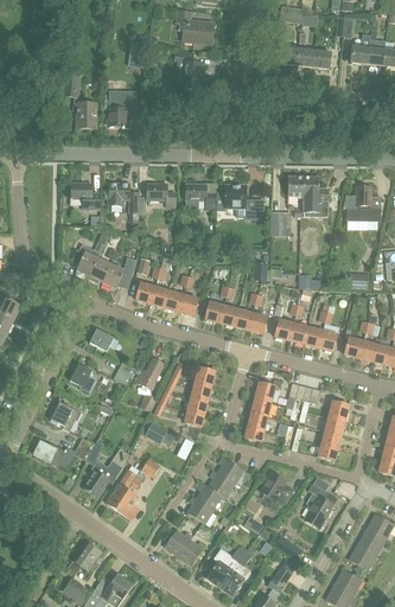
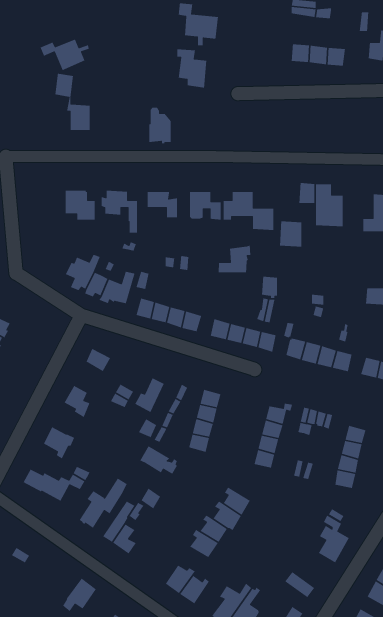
building: none -> [40,39,90,71]
building: [108,94,129,128] -> [148,107,172,144]
building: none -> [218,244,251,273]
building: [260,472,292,503] -> none

